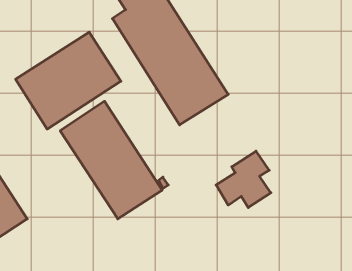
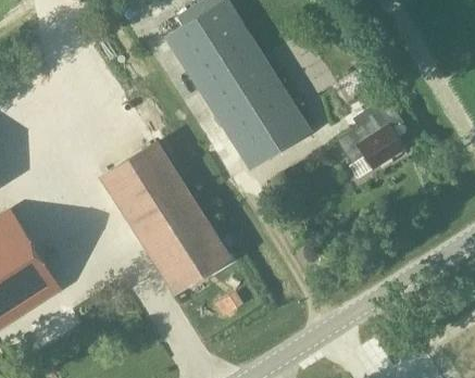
building: [16,32,121,129] -> none
building: [216,151,271,208] -> [334,102,402,173]

